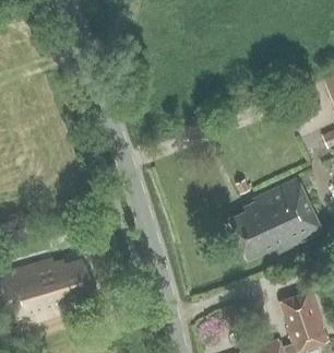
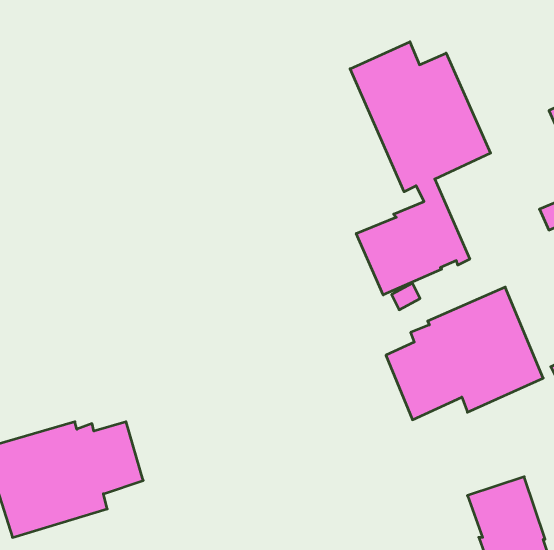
building: none -> [350,42,491,295]

